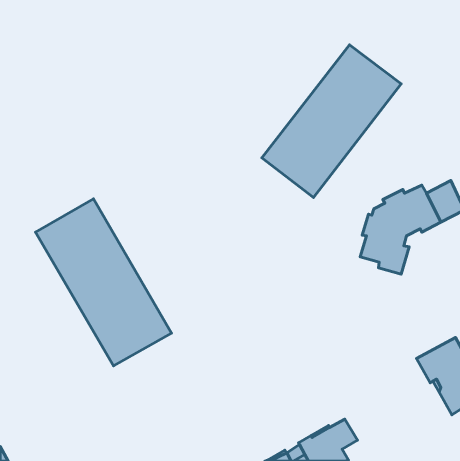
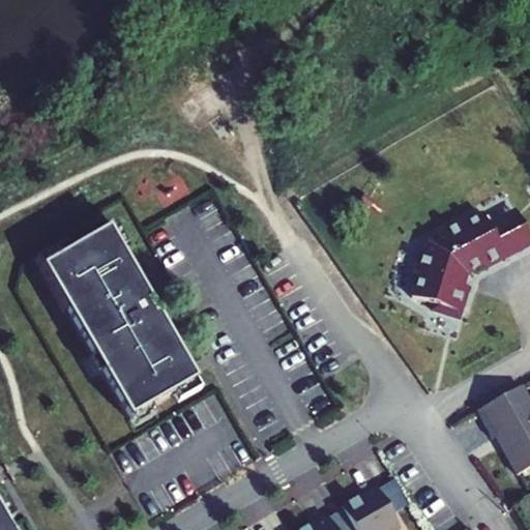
building: [262,45,401,197] -> none

